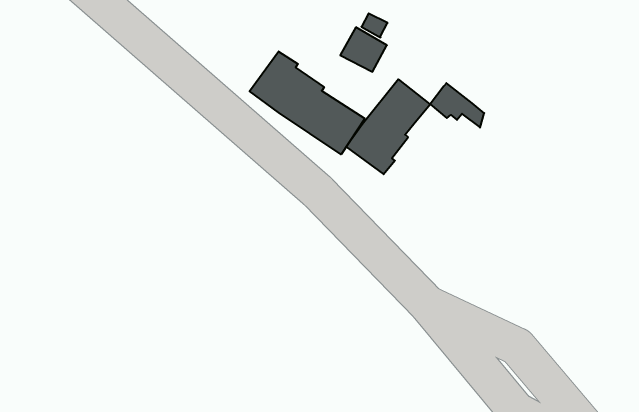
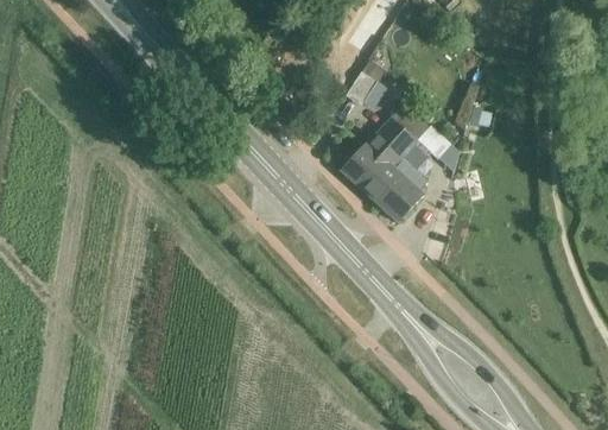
building: [250,51,365,154] -> none
building: none -> [372,156,428,221]

